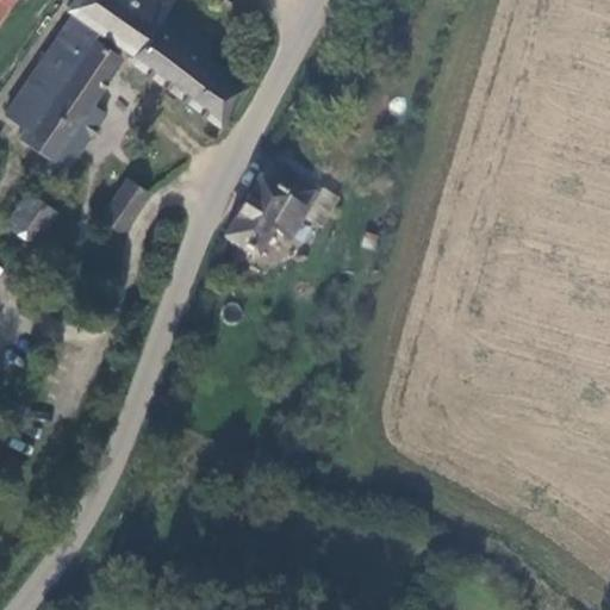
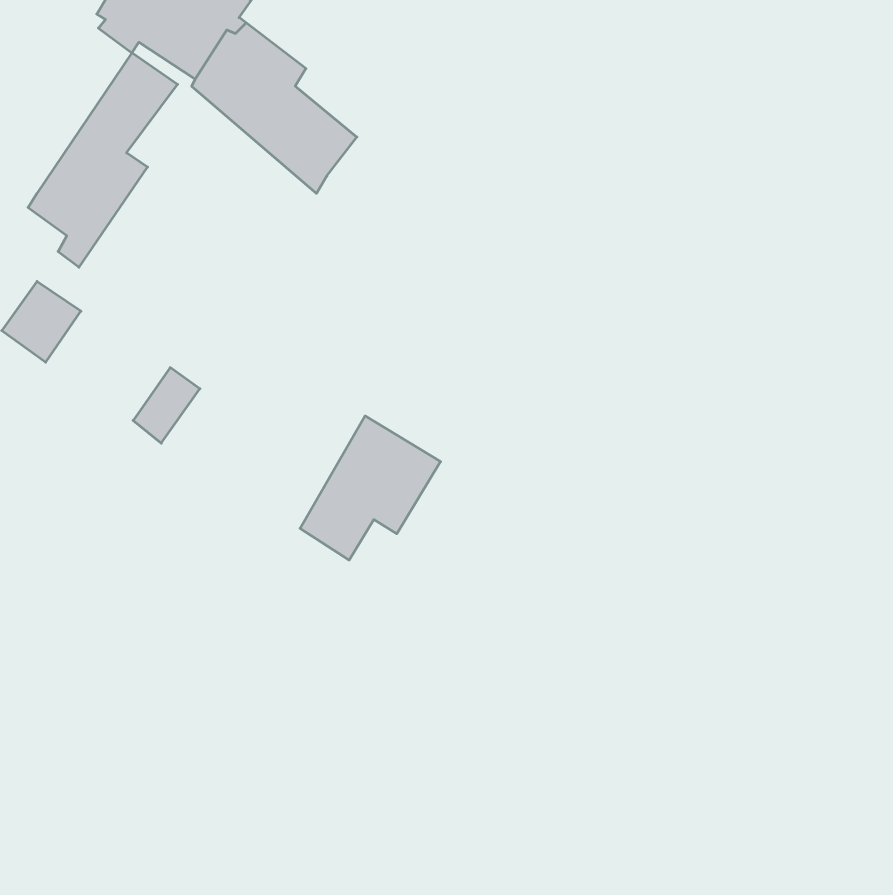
building: [8,19,93,131] -> none
building: [224,164,319,262] -> [300,416,441,560]
building: [104,179,149,230] -> [133,368,200,443]

